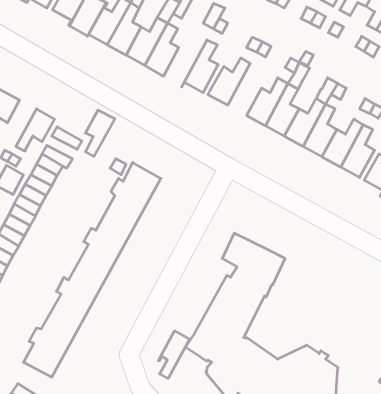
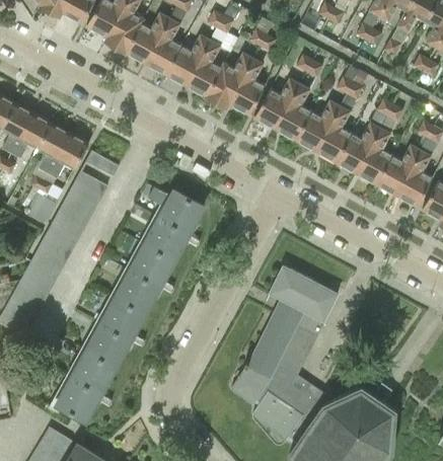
building: none -> [206,52,253,108]
building: none -> [276,83,312,139]
building: [85,110,115,156] -> [39,123,70,172]
building: [158,331,190,378] -> none

